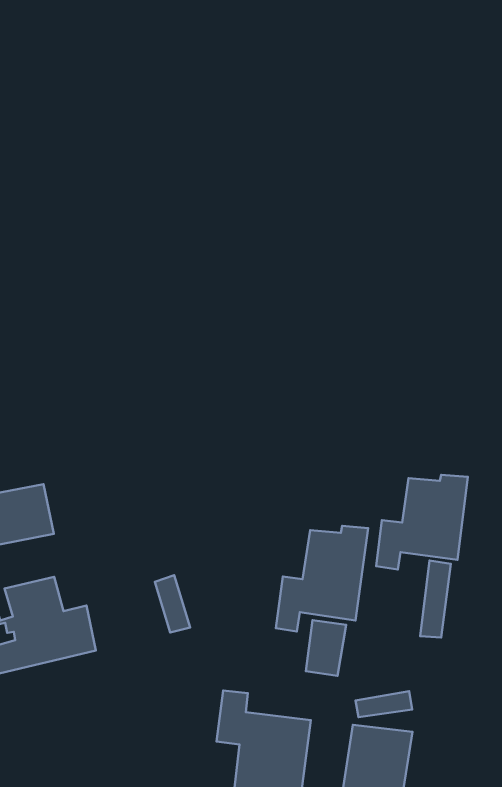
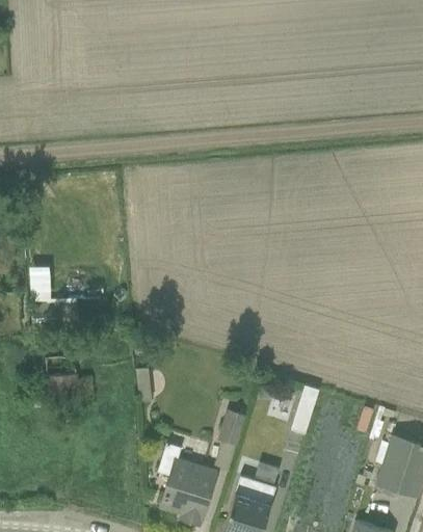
building: [376,475,468,569] -> none
building: [276,526,368,631] -> none

